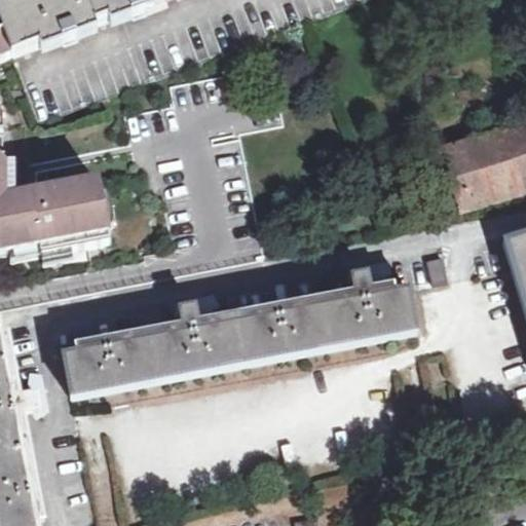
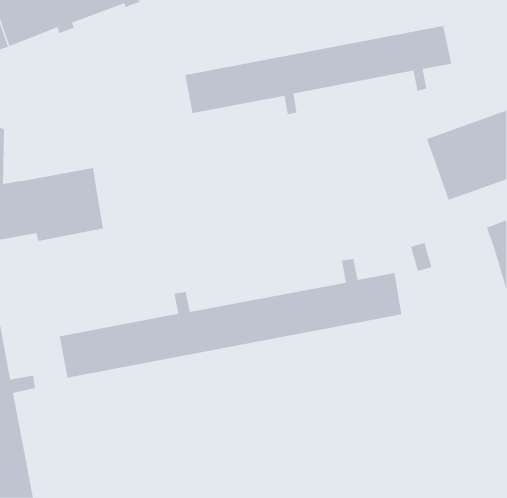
building: none -> [185,25,452,115]

